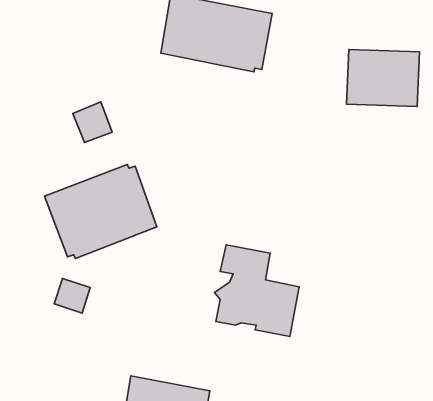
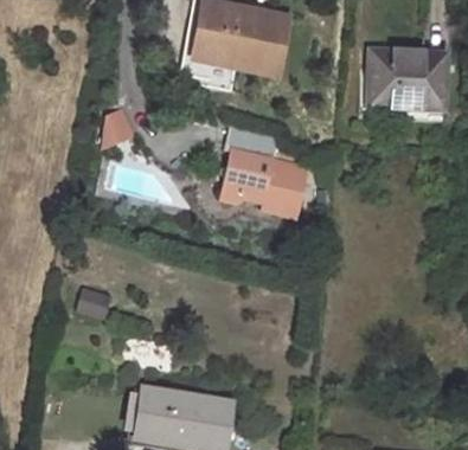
building: [45,165,157,258] -> none
building: [215,245,299,337] -> [225,122,312,216]

